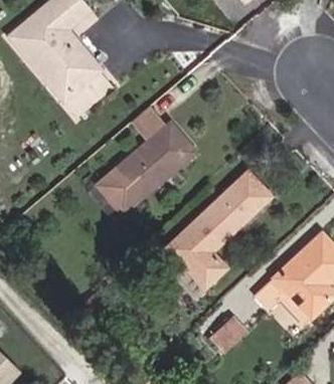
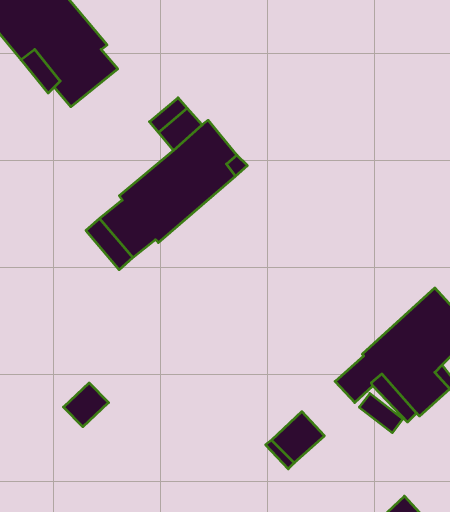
building: [165,171,272,290] -> none

